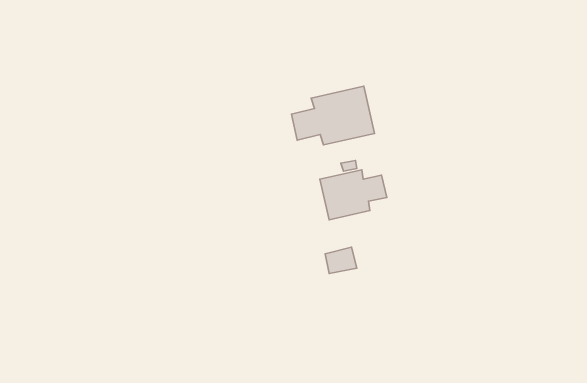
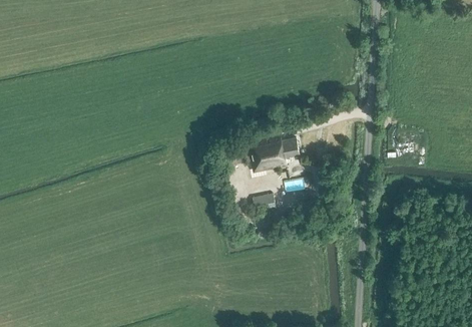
building: [292,86,374,145] -> none

